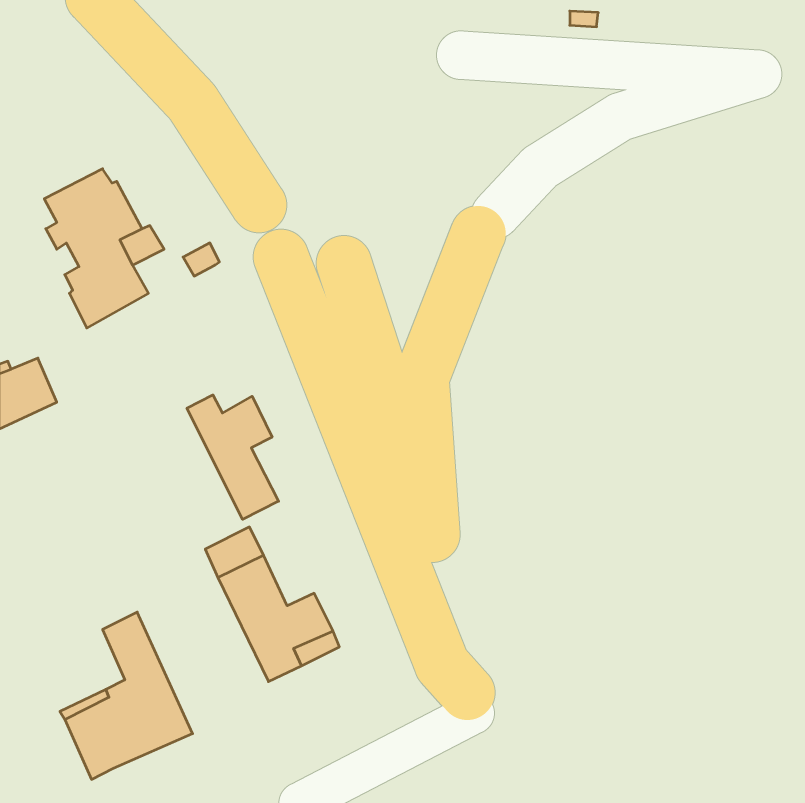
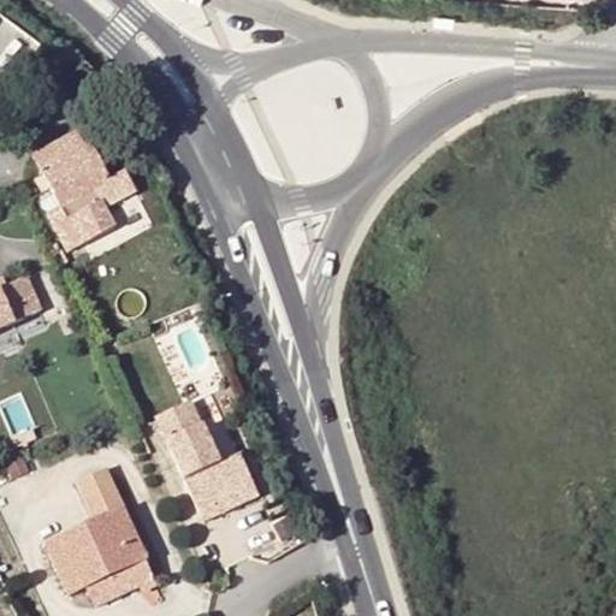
building: [187,395,279,519] -> none
building: none -> [87,559,158,606]

